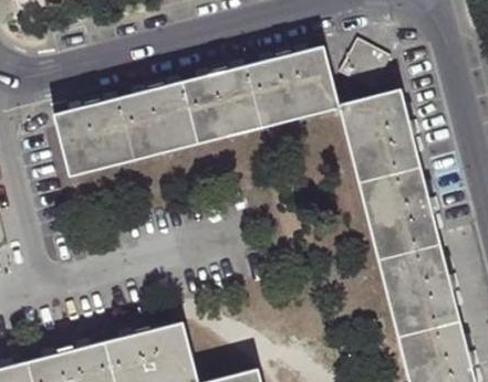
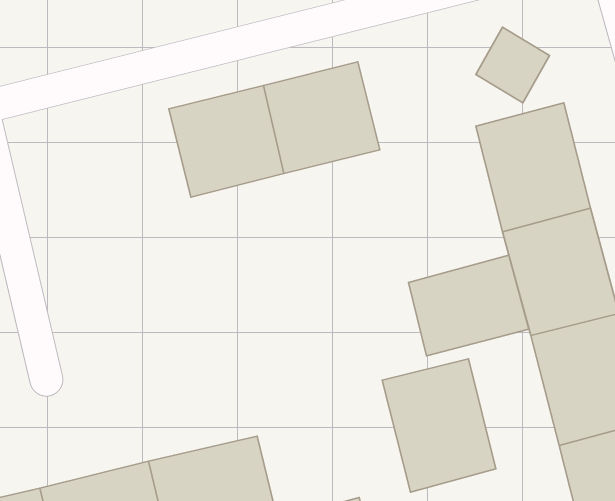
building: [255,46,338,125] -> none
building: [55,96,137,174] -> none
building: none -> [409,255,529,356]
building: none -> [382,359,496,492]

